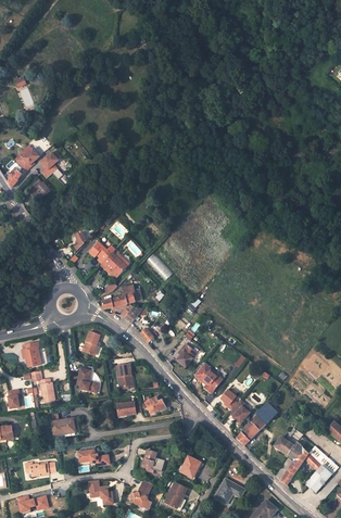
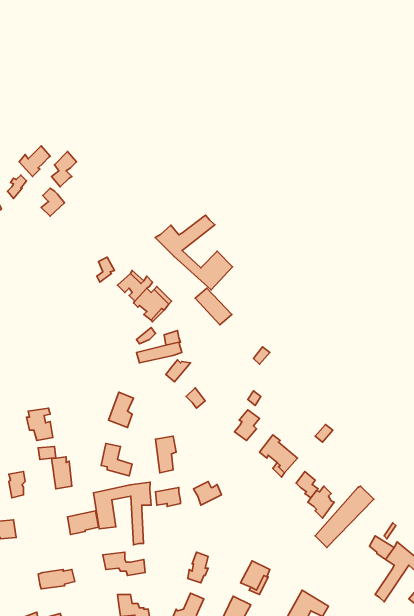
building: none -> [155,215,232,290]
building: none -> [94,482,151,545]

